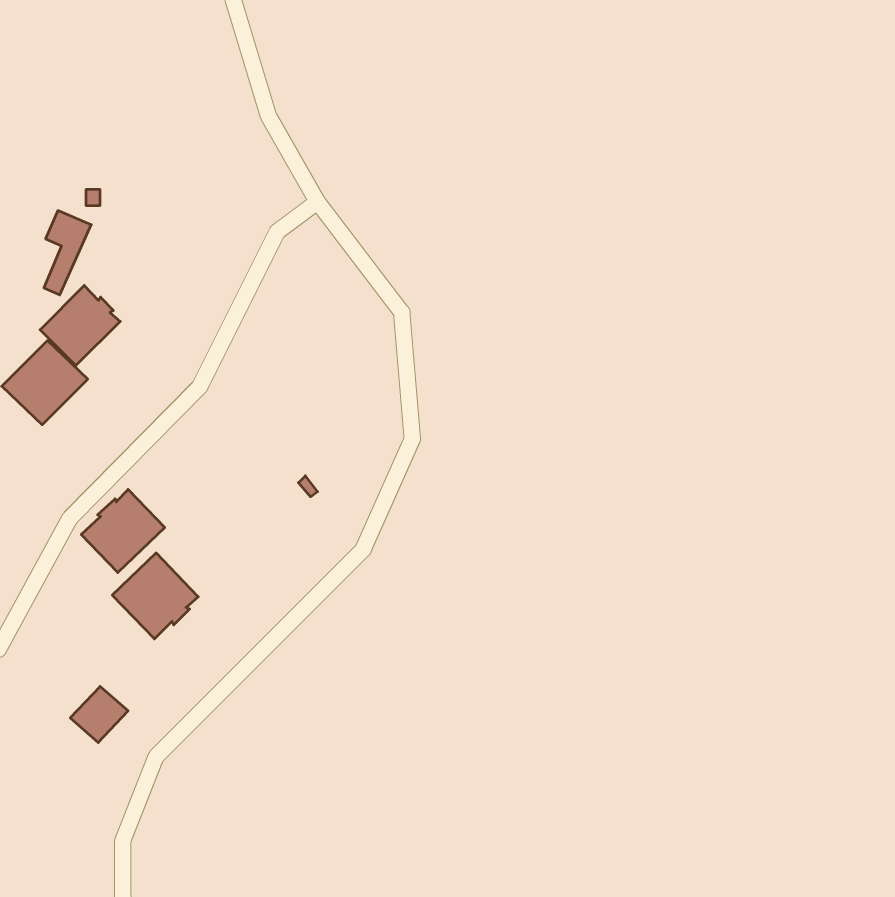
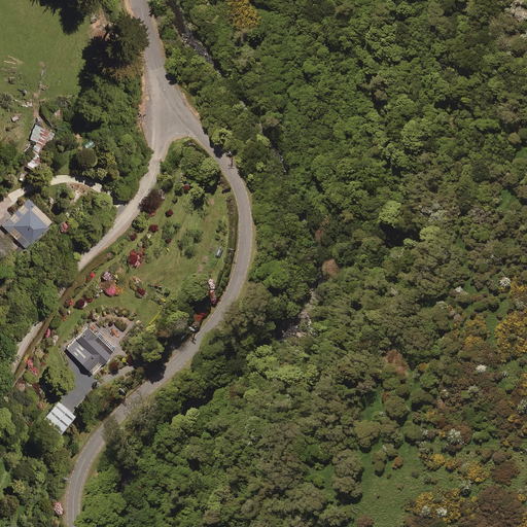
building: [40,285,120,366] -> none
building: [81,489,165,573] -> none

